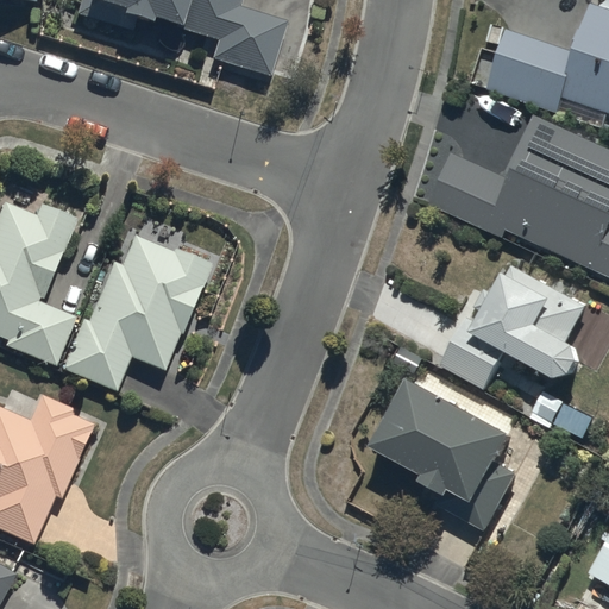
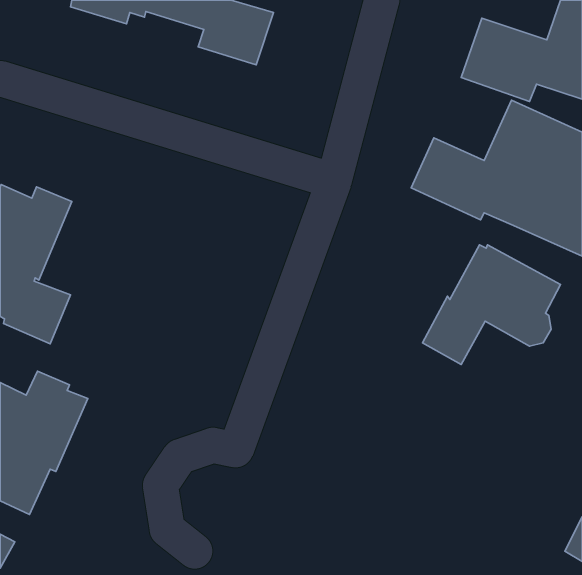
building: [59,234,211,391] -> none
building: [370,369,516,530] -> none

